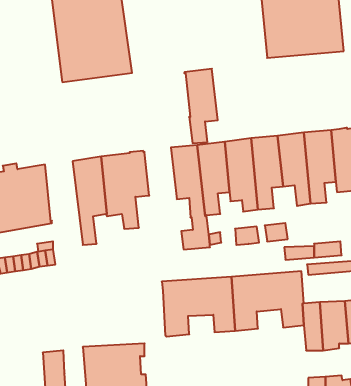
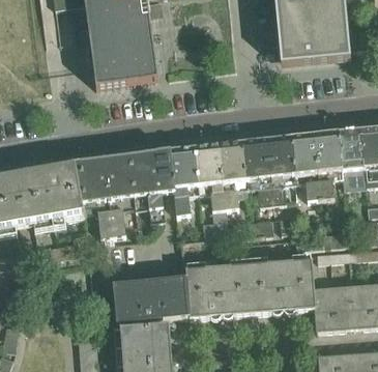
building: [184,69,218,143] -> [169,145,199,212]
building: none -> [80,158,114,235]
building: none -> [113,275,188,322]

